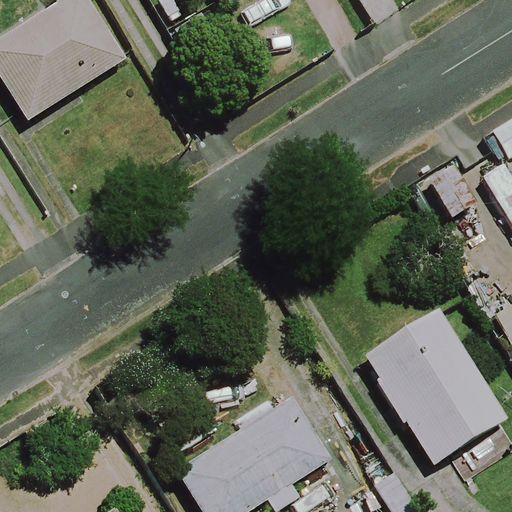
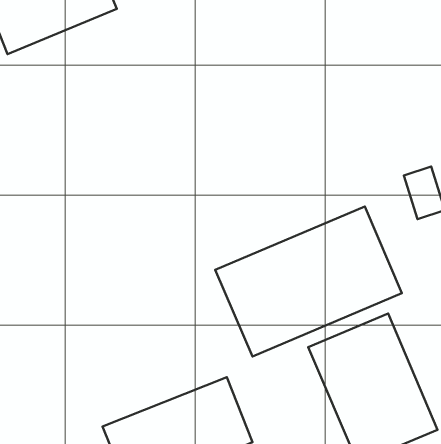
building: none -> [215,206,402,357]

